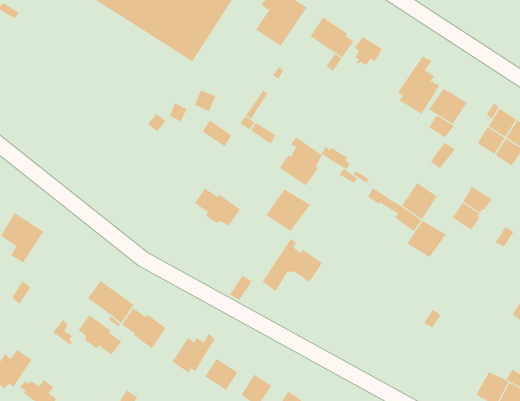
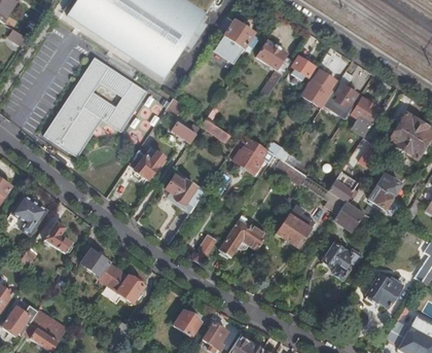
building: none -> [303,52,336,99]
building: none -> [43,56,147,156]
building: none -> [130,146,165,179]
building: [265,189,311,232] -> none
building: none -> [277,213,312,247]
building: none -> [44,221,72,253]
building: none -> [323,243,361,279]
building: none -> [365,275,402,308]
building: [78,314,122,356] -> none
building: [172,333,216,374] -> none

